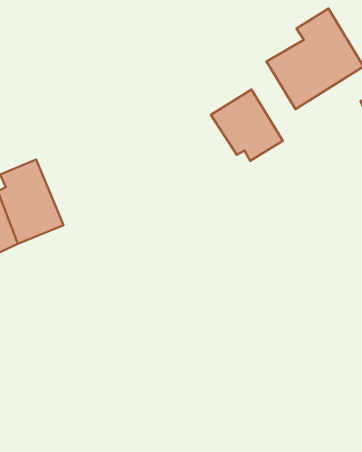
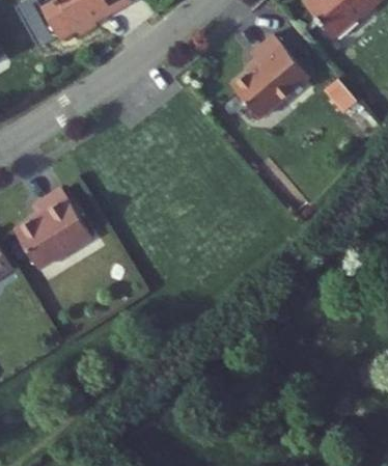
building: [211,89,283,161] -> none

